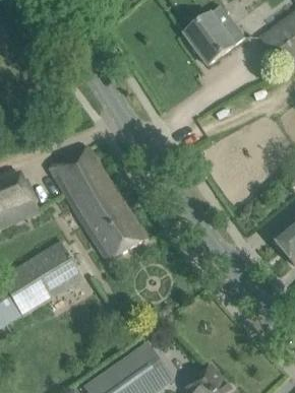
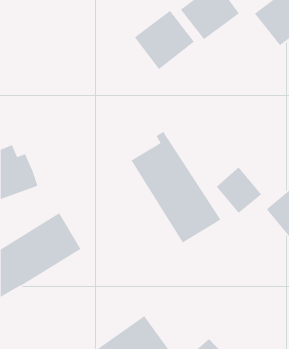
building: none -> [134,10,195,70]
building: [50,146,148,261] -> [125,131,221,244]
building: none -> [216,167,262,214]

